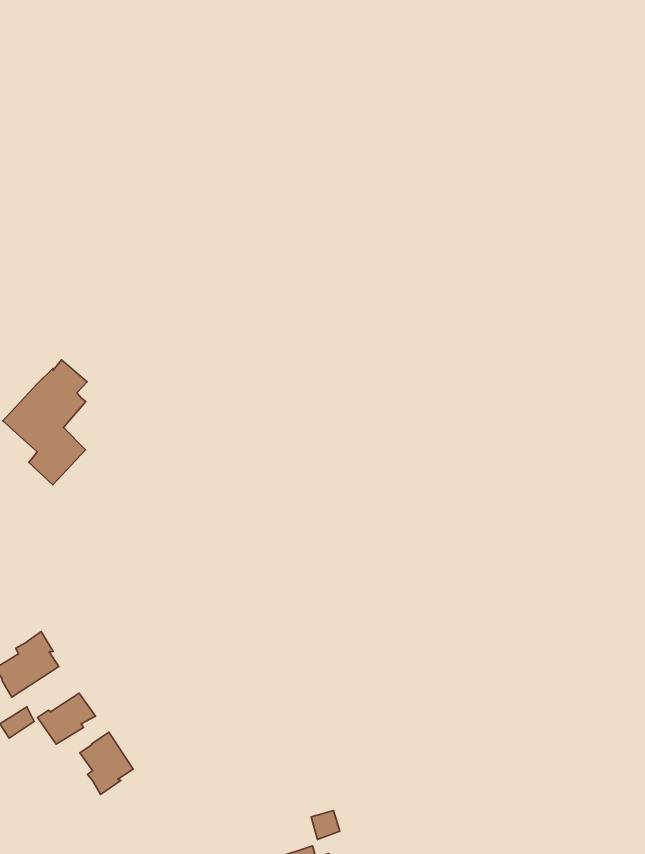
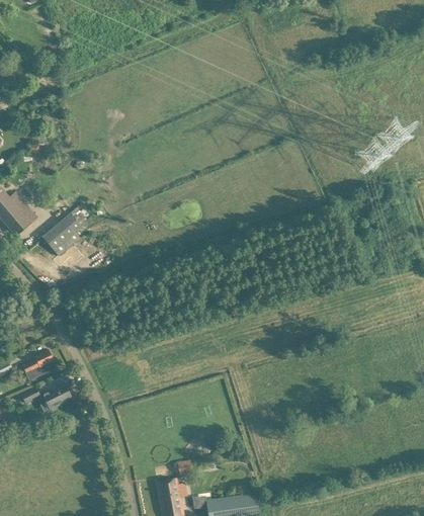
building: [80,732,133,795] -> none

